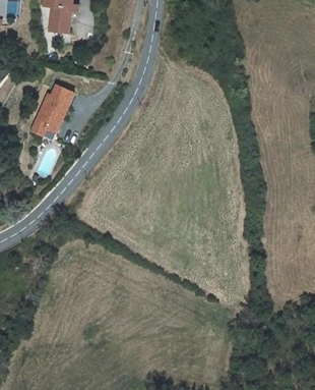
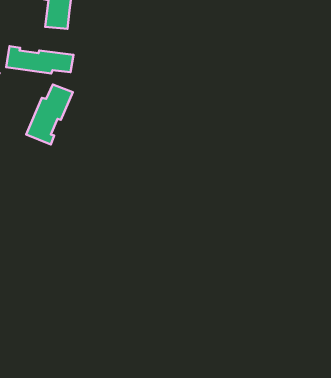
building: none -> [6,46,74,74]

